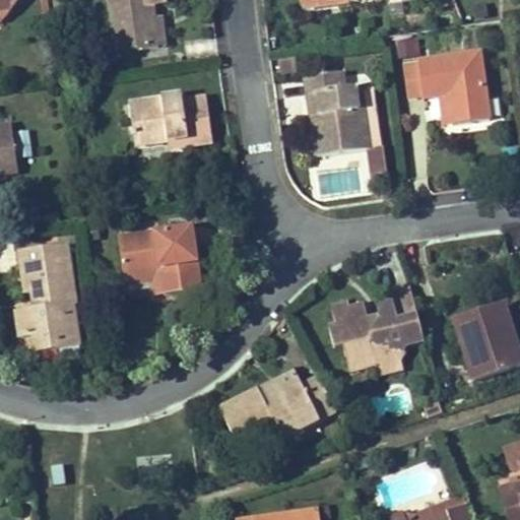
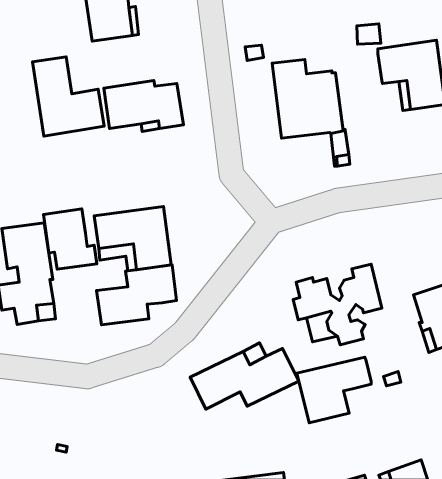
building: none -> [32,57,104,136]
building: none -> [44,209,97,269]
building: none -> [97,265,177,325]
building: none -> [297,357,371,423]

